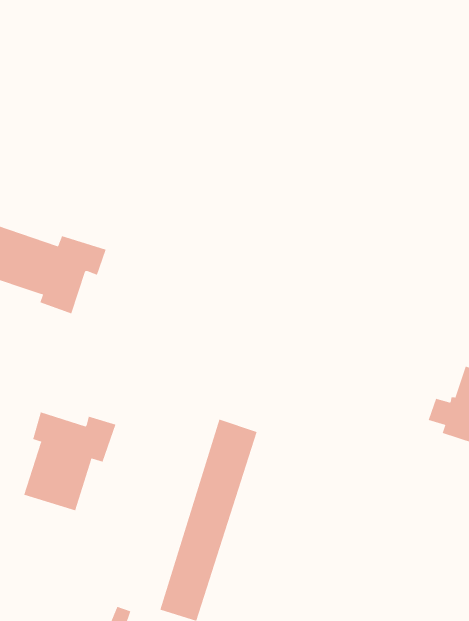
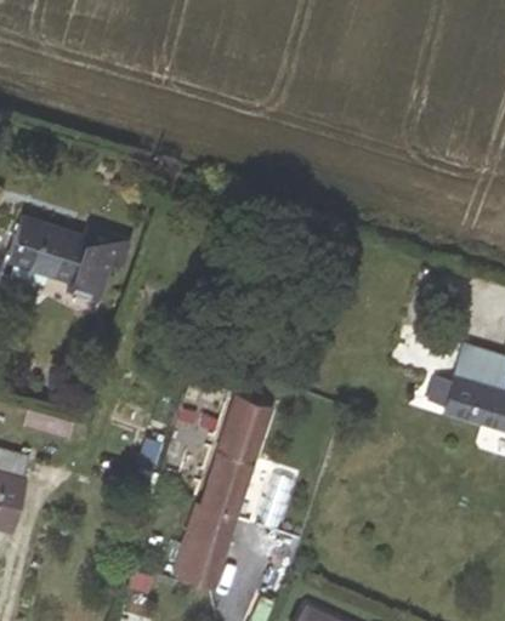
building: [24,412,116,511] -> none

